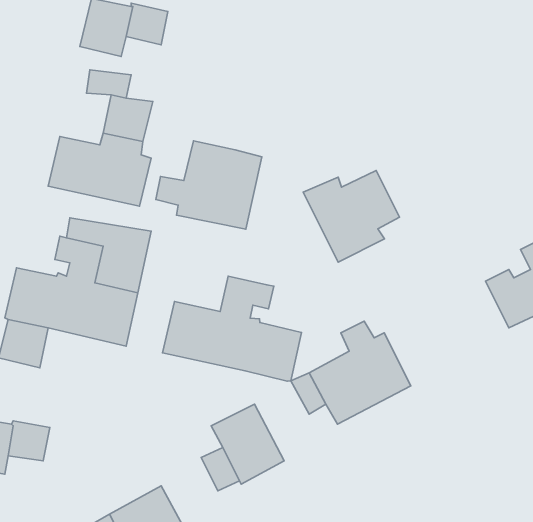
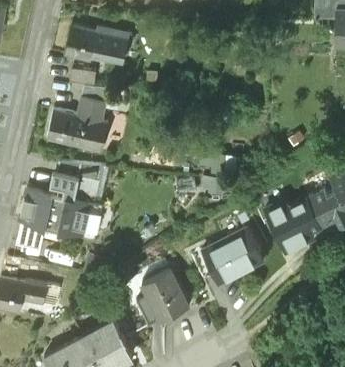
building: [156,141,262,229] -> none
building: [303,171,400,262] -> [265,196,323,251]
building: [163,276,301,381] -> none

